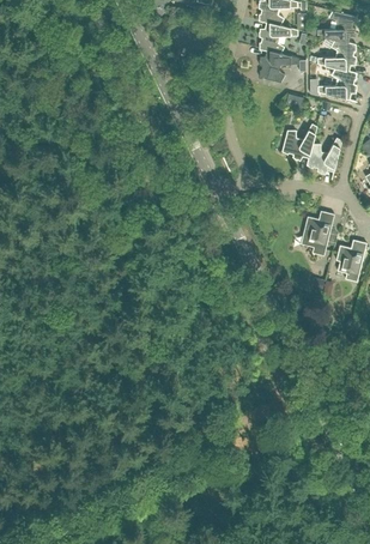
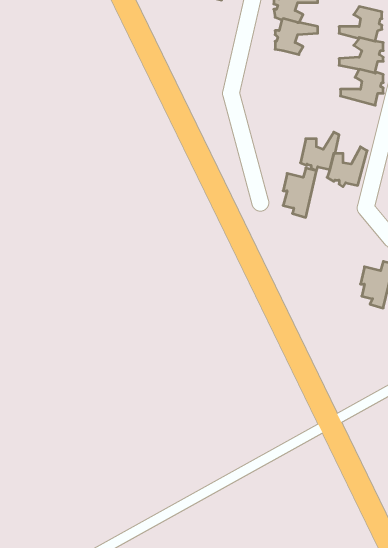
building: [260,50,298,83] -> none
building: [304,211,334,255] -> [283,168,316,217]

